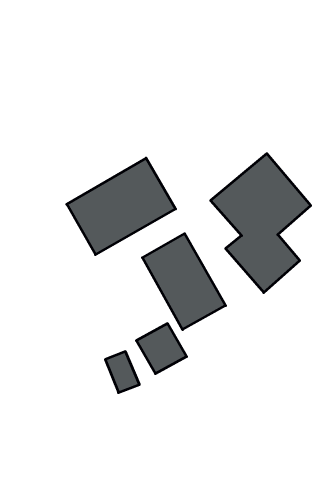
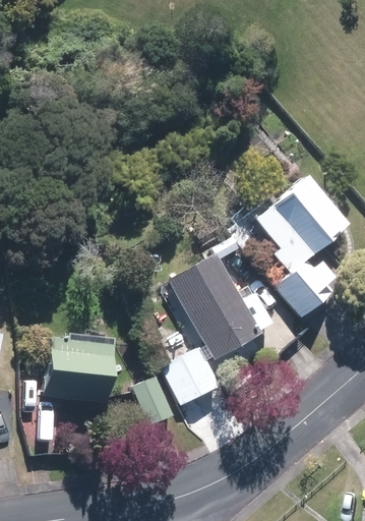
building: [67,158,176,255] -> none
building: none -> [47,336,116,400]

